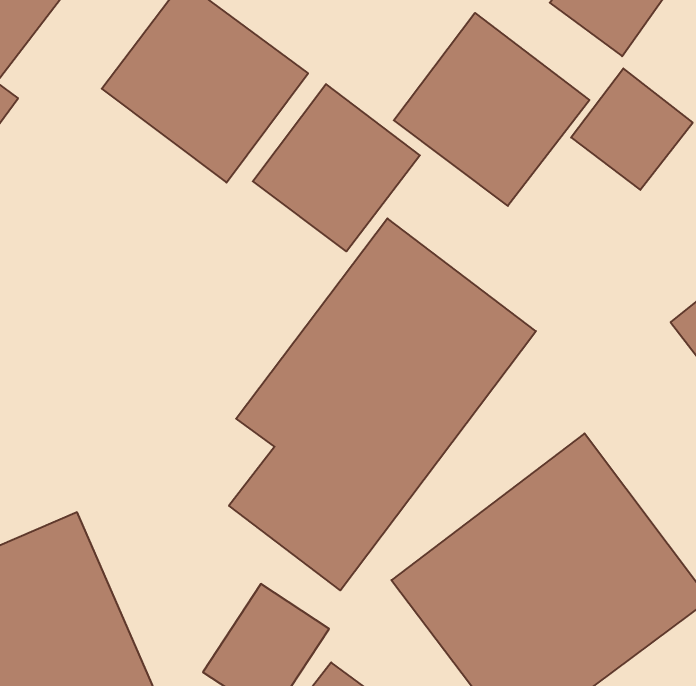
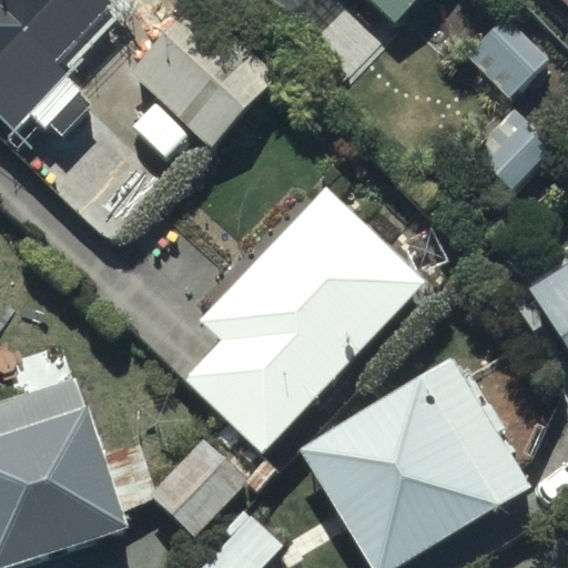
building: [394,13,589,206] -> none
building: [253,84,420,251] -> none

